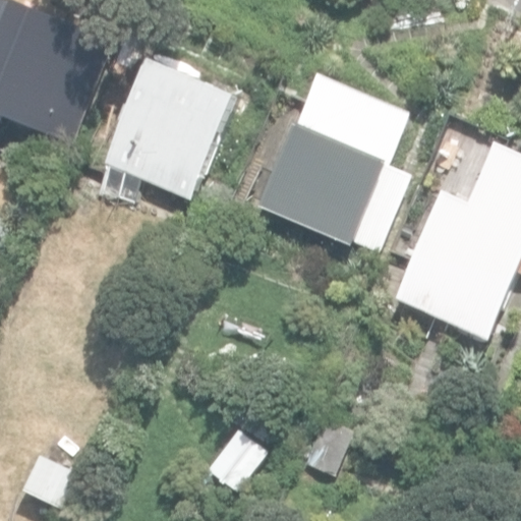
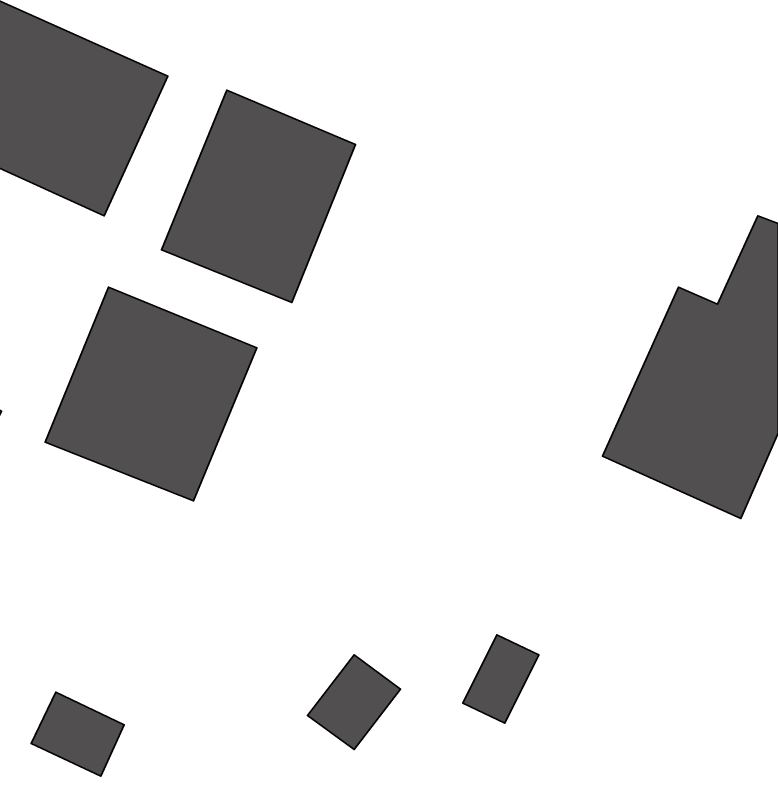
building: [263,74,410,253] -> none
building: none -> [45,287,257,501]

